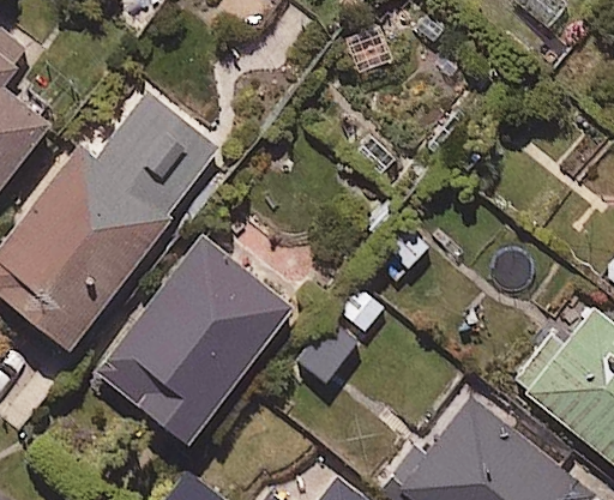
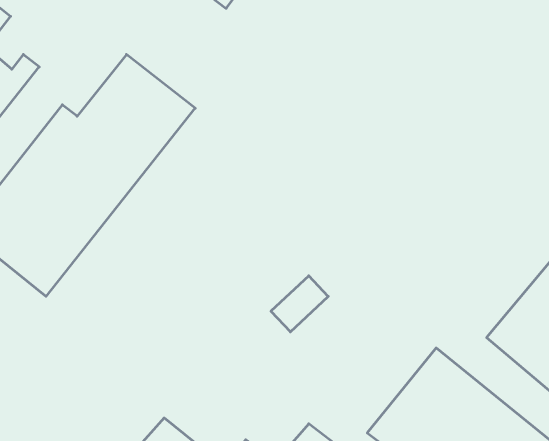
building: [95,237,289,440] -> none

